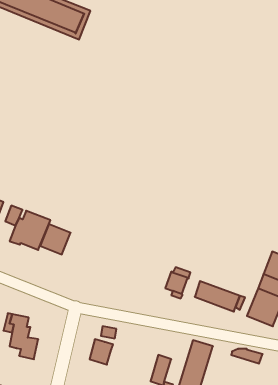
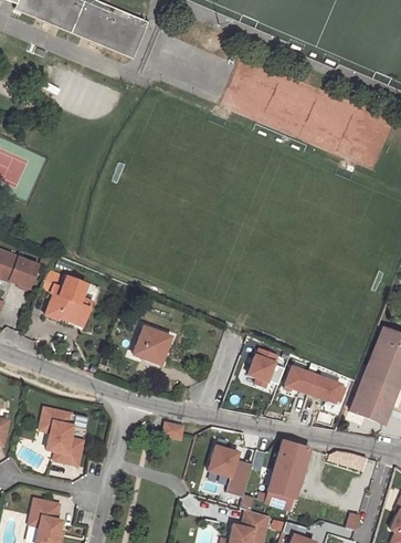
building: [40,224,71,254] -> [134,325,172,364]
building: [90,339,113,365] -> [208,446,238,478]

